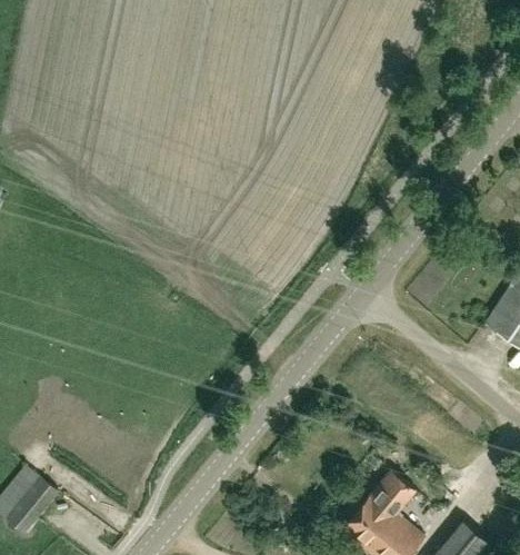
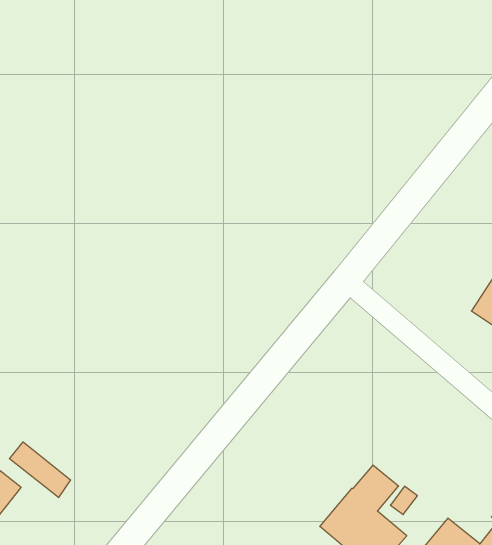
building: none -> [9,442,71,498]

